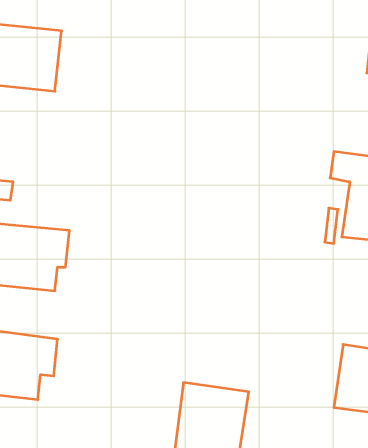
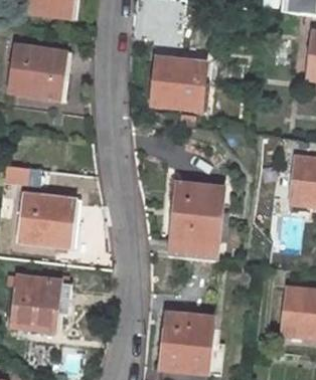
building: none -> [149,59,209,112]
building: none -> [167,185,221,264]

